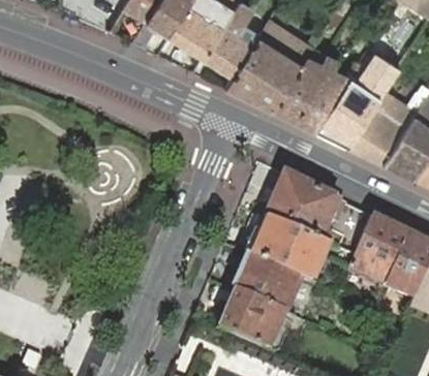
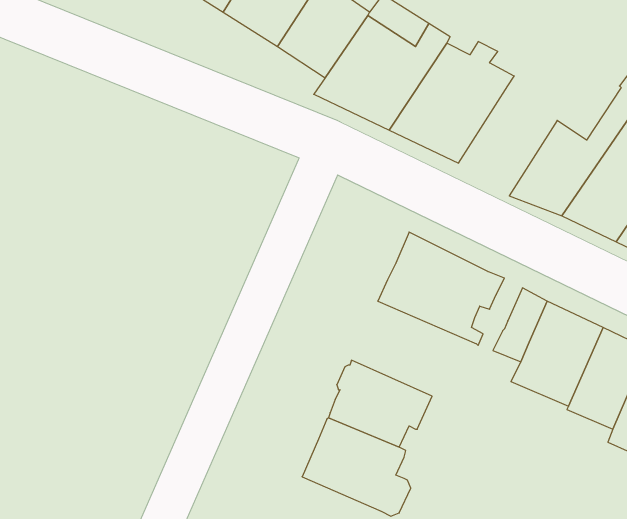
building: [315,52,399,148] -> none
building: [248,214,327,279] -> none

